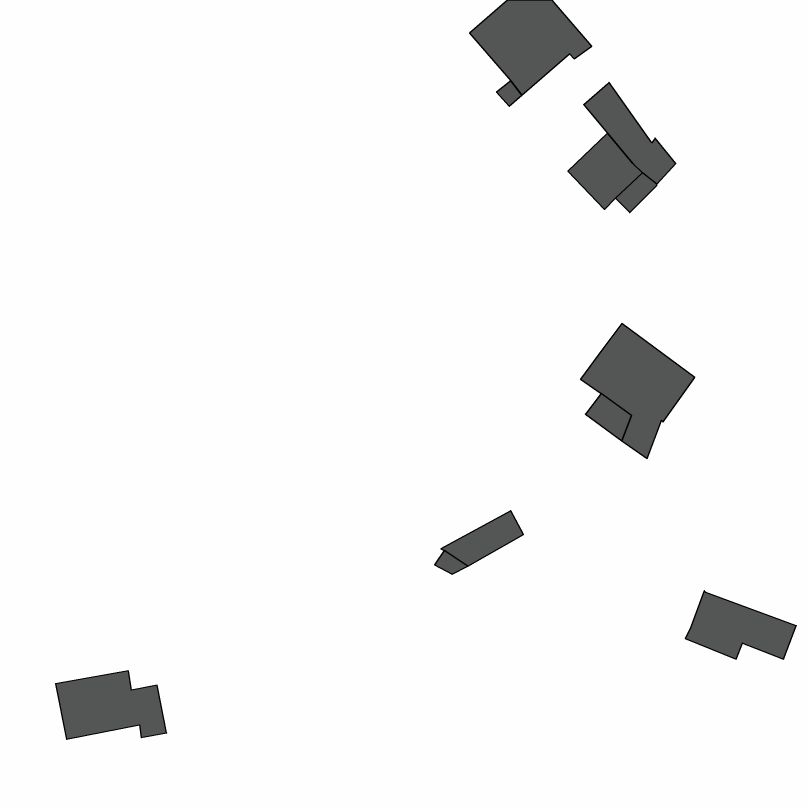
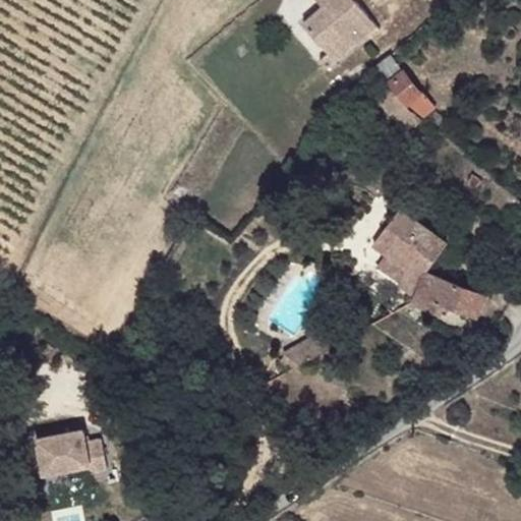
building: [685,591,796,659] -> [412,271,483,314]

